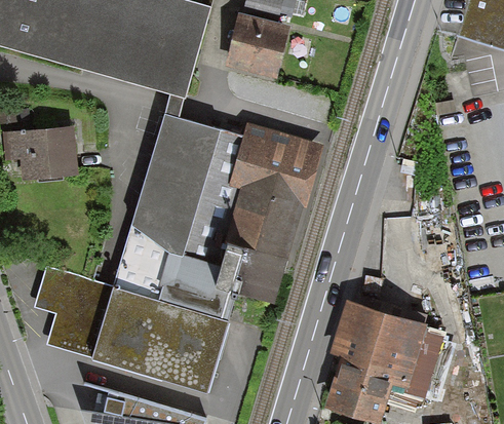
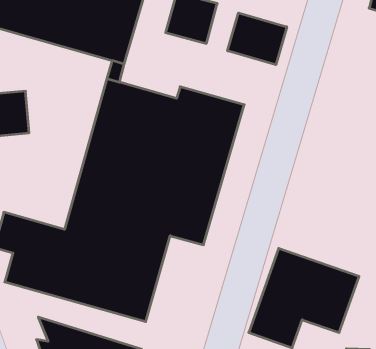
building: none -> [228,13,287,65]

